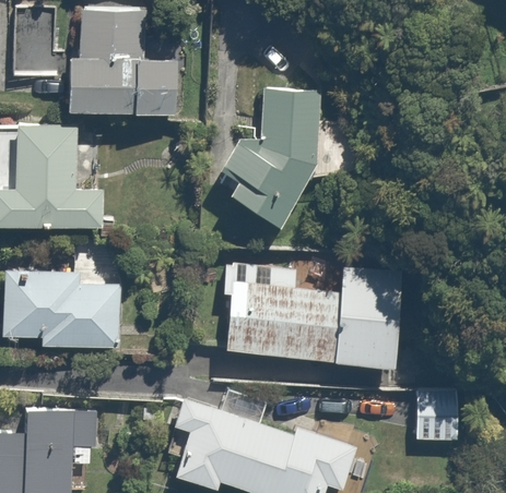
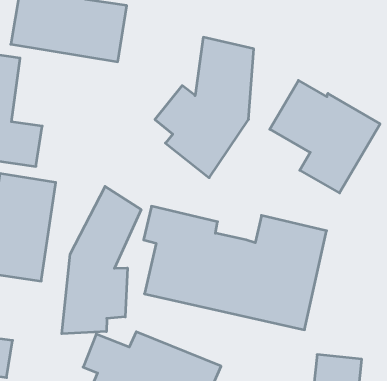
building: none -> [270,80,380,193]
building: none -> [62,186,141,334]

